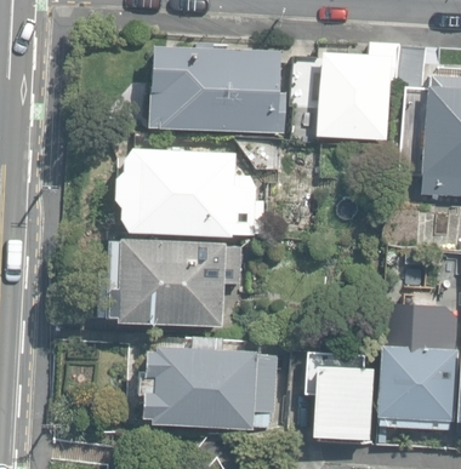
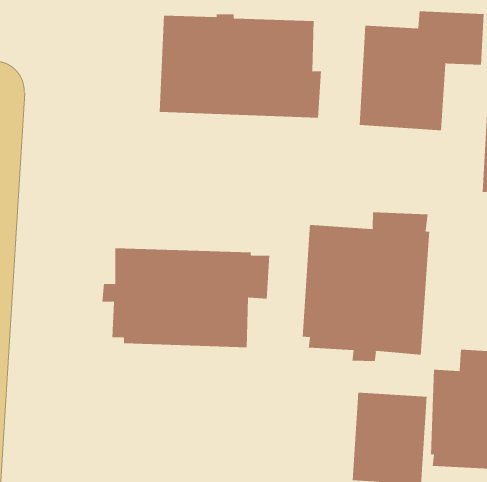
building: [115,148,266,234] -> none
building: none -> [302,211,430,362]
building: [140,336,279,429] -> none

